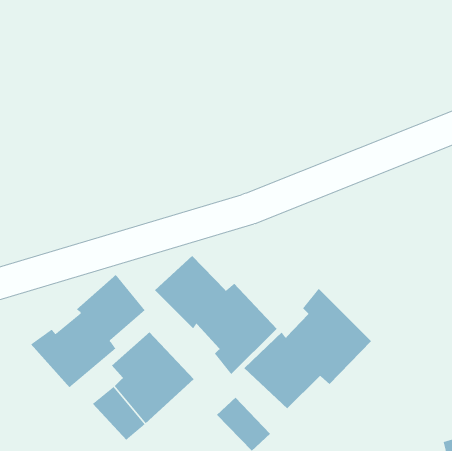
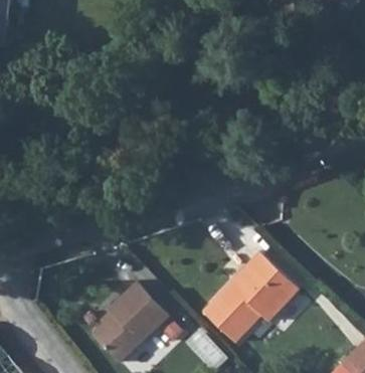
building: [154,255,277,375] -> none
building: [30,274,146,388] -> none

